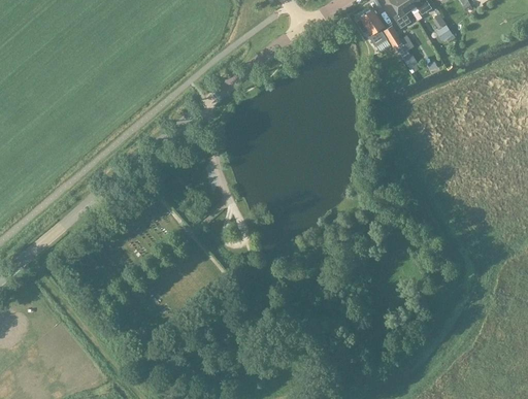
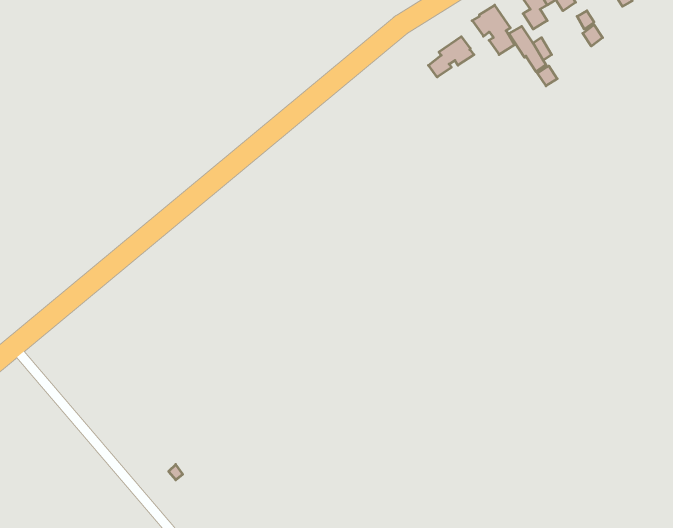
building: none -> [428,37,474,77]

